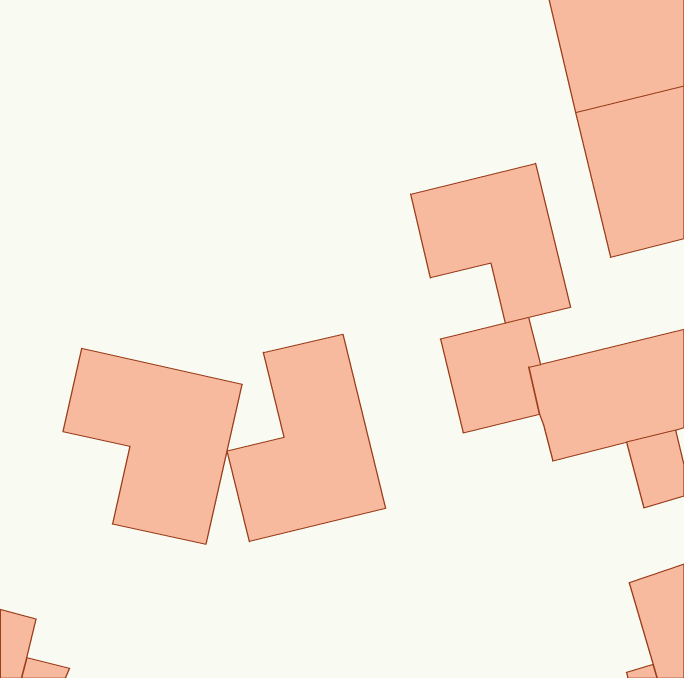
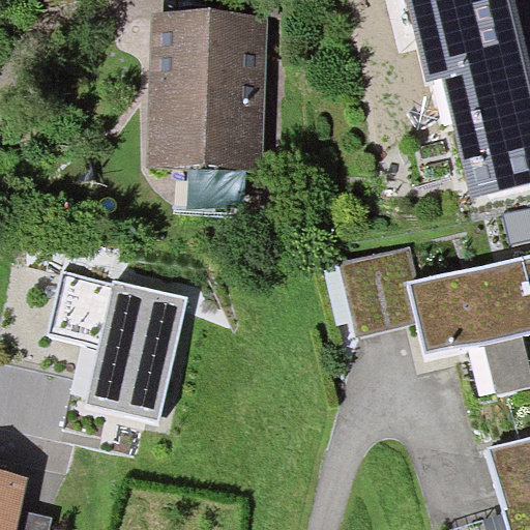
building: none -> [148,12,268,170]
building: [411,163,570,323] -> none
building: [227,334,385,542] -> none

